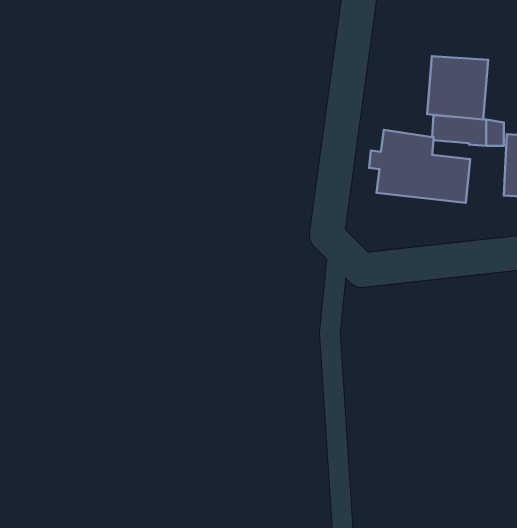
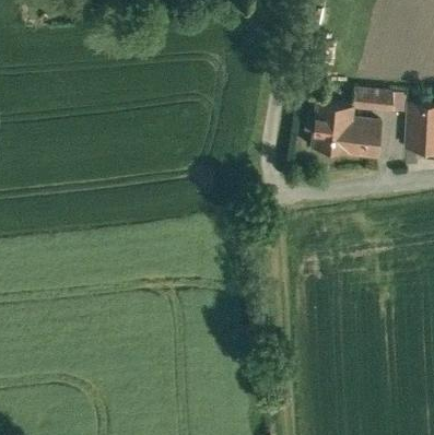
building: [427,56,488,119] -> none

